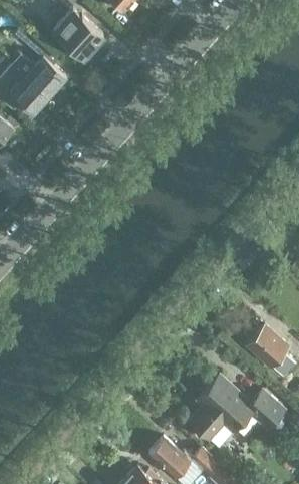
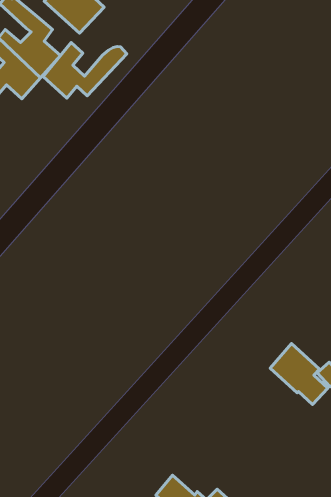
building: none -> [43,42,127,98]
building: [189,376,283,448] -> none

